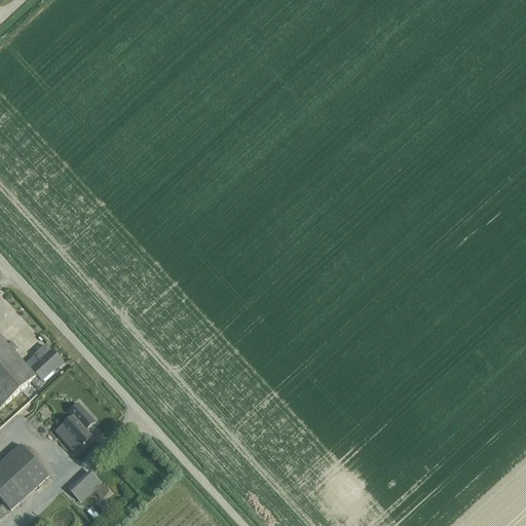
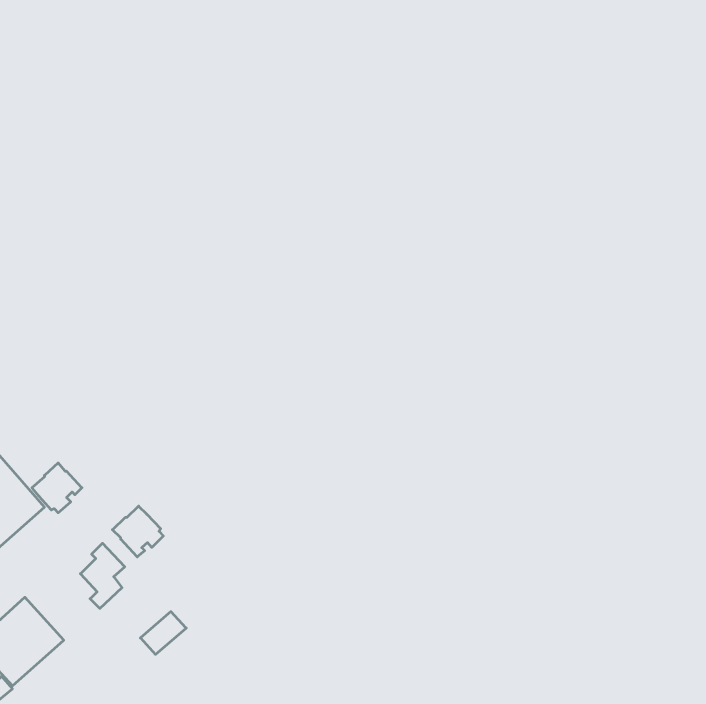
building: none -> [112,506,163,557]
building: [68,468,102,500] -> [140,612,186,654]

